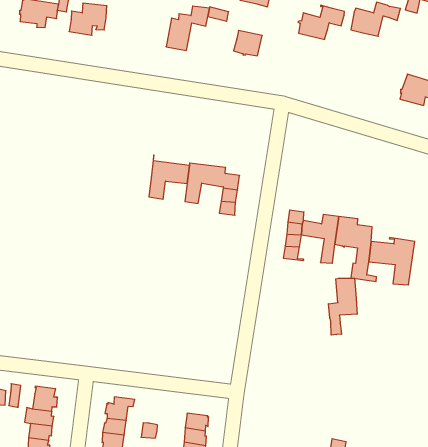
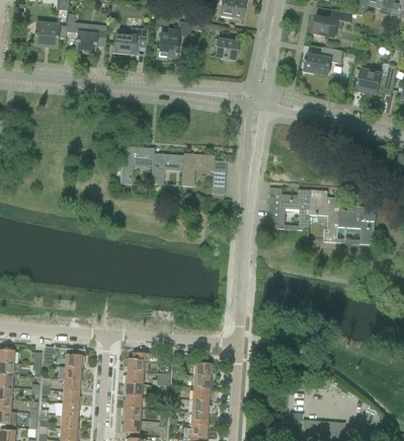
building: [298,5,344,39] -> [305,47,343,75]
building: none -> [113,27,148,55]
building: none -> [119,146,154,185]
building: [328,278,357,335] -> none

